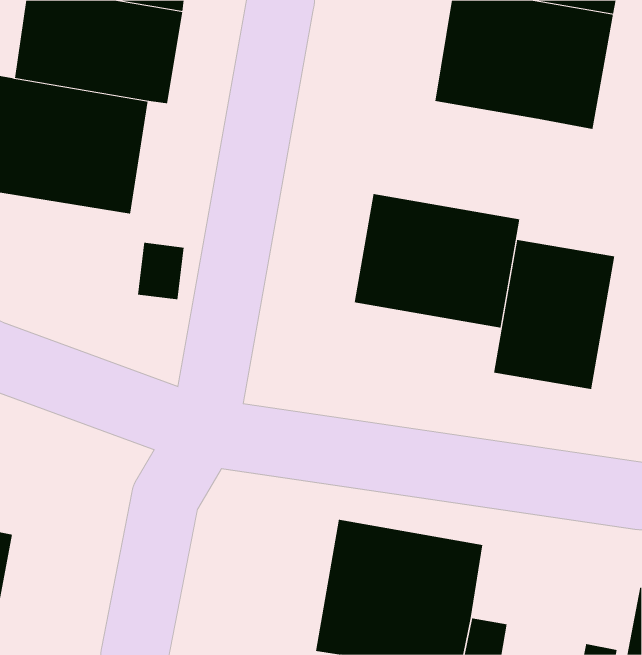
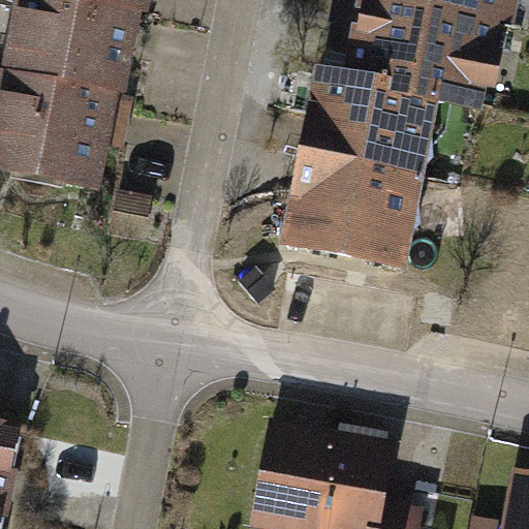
building: none -> [301,75,434,177]
building: [493,239,615,390] -> none

